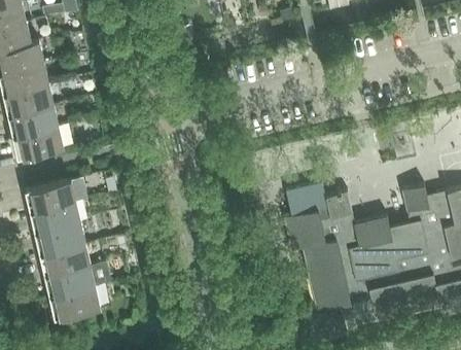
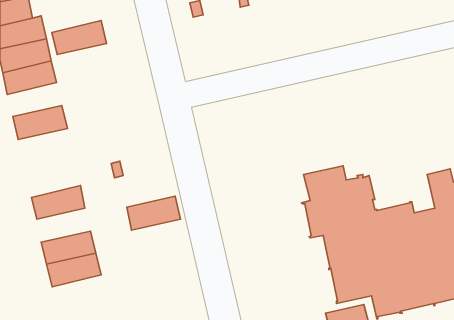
building: [7,104,59,136] -> [52,21,107,54]
building: [25,179,76,212] -> none
building: [35,222,85,254] -> [127,196,181,230]
building: [49,285,101,318] -> none

